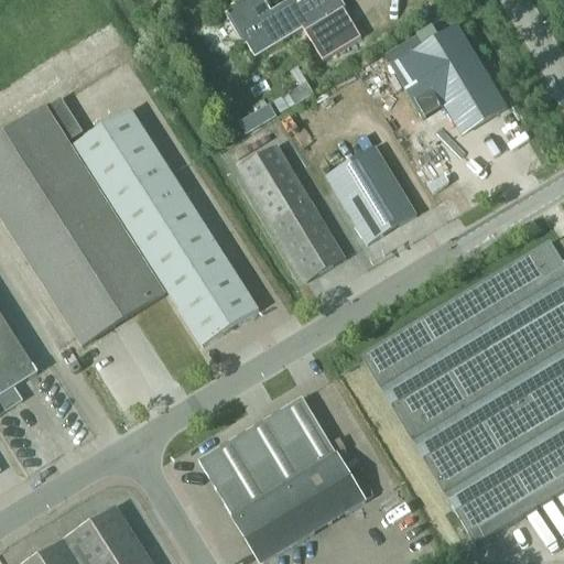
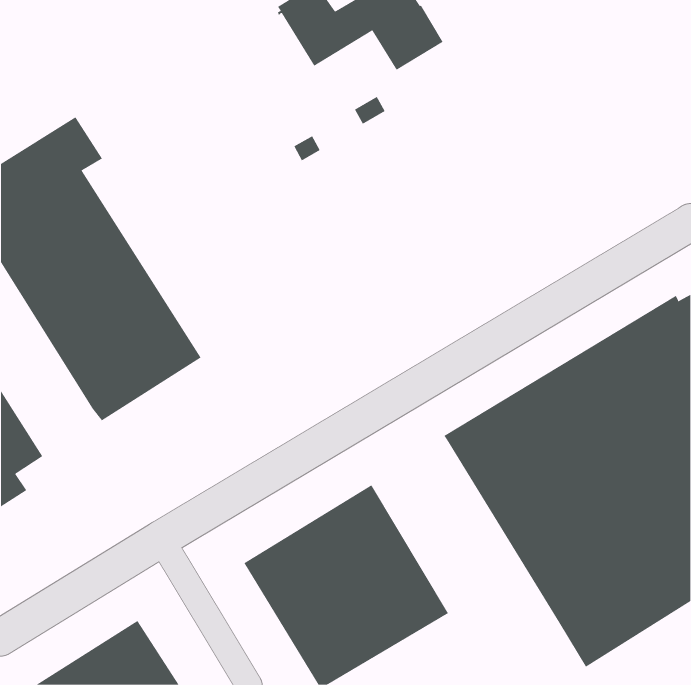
building: [390,22,508,132] -> none
building: [75,109,256,344] -> none
building: [239,143,346,280] -> none
building: [326,144,416,242] -> none

